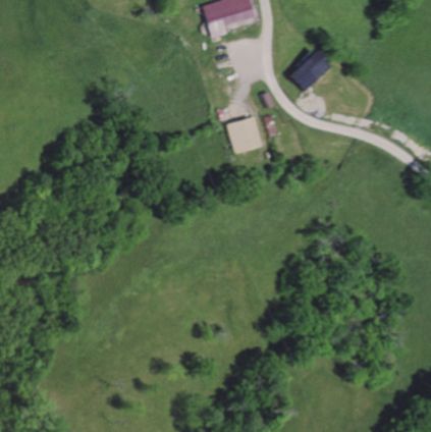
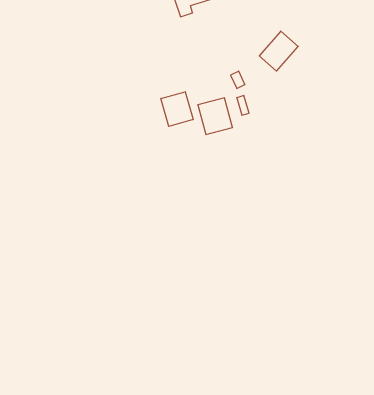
building: none -> [161,92,193,126]

